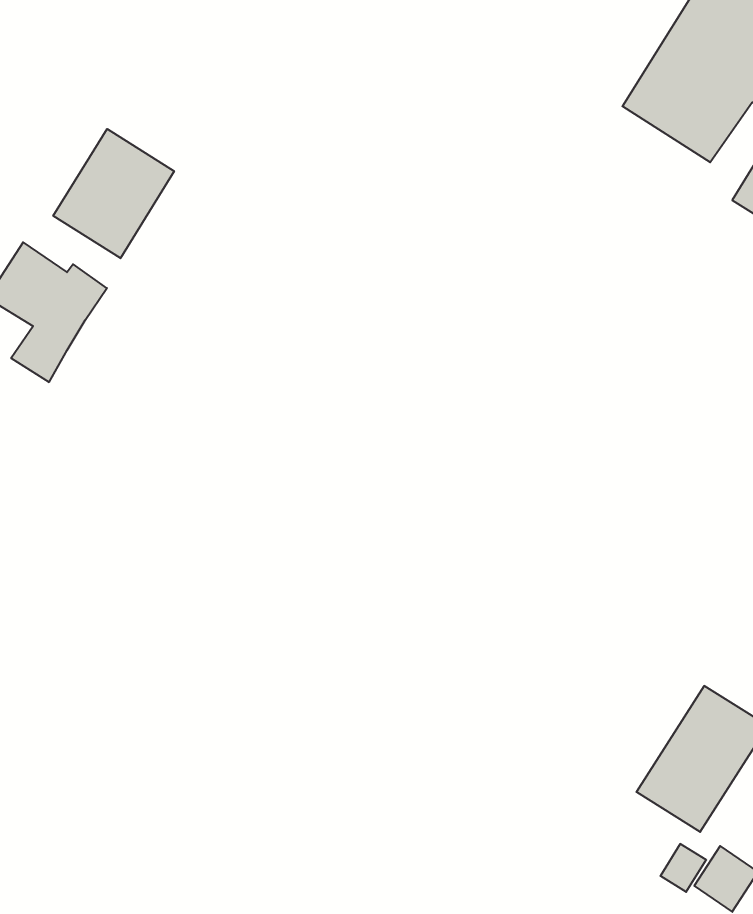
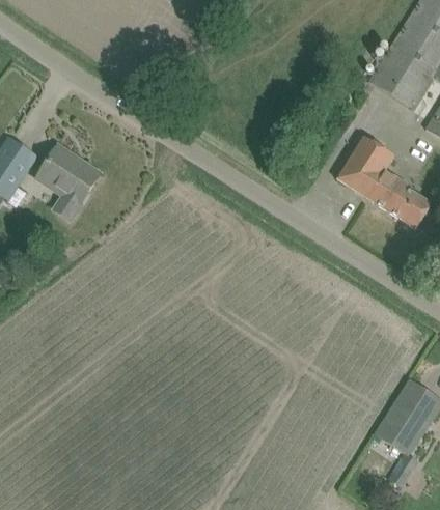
building: [53,129,174,258] -> none
building: none -> [338,136,431,226]

